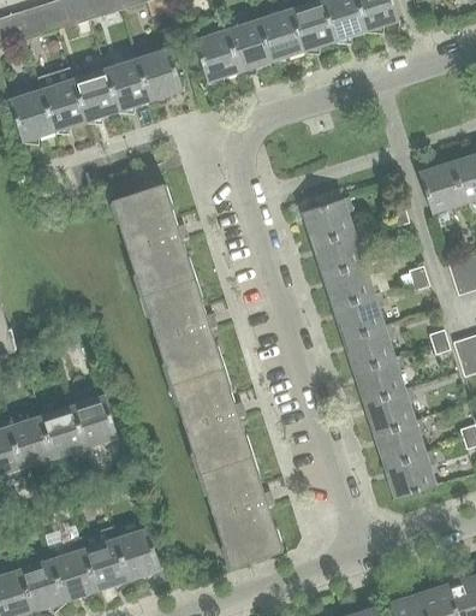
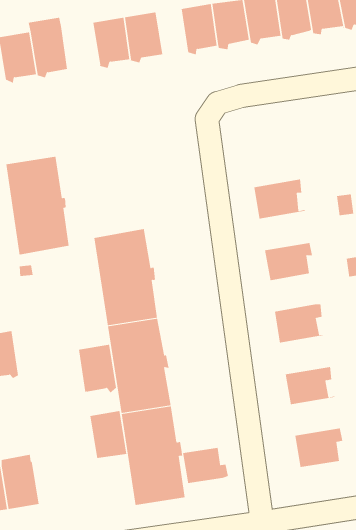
building: [73,67,119,123] -> none
building: [113,183,194,292] -> [6,156,70,255]
building: [311,229,369,277] -> none
building: [333,292,383,339] -> none
building: [353,355,411,403] -> none
building: [72,392,119,449] -> [78,344,117,394]
building: [375,419,432,466] -> none
building: none -> [183,446,229,484]
building: [115,526,161,580] -> [89,410,127,458]

